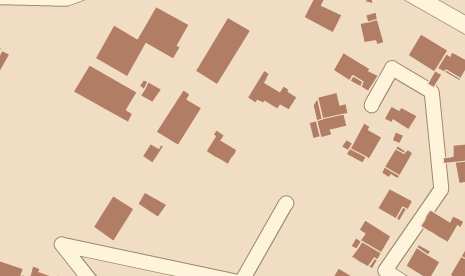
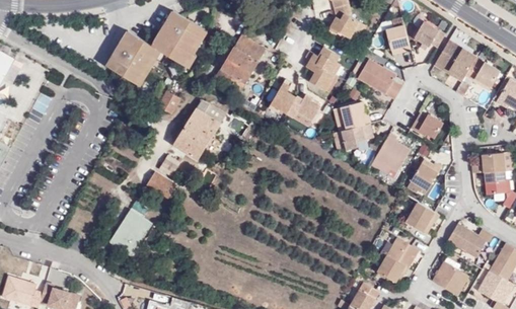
building: none -> [414,22,445,49]
building: none -> [306,48,341,91]
building: [73,65,137,123] -> none
building: [206,130,237,165] -> none
building: [138,192,167,218] -> [147,171,177,198]

